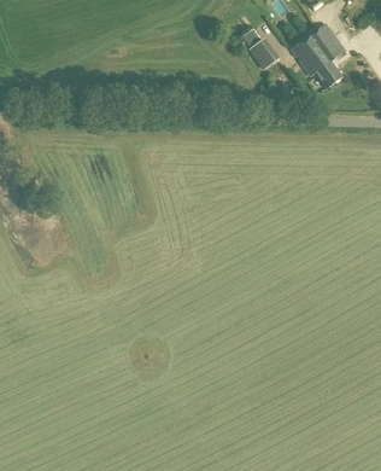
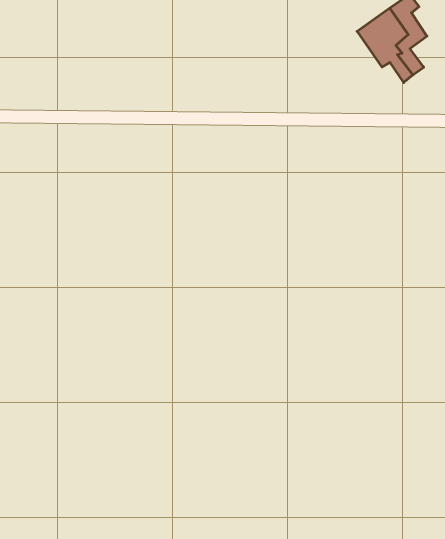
building: [242,28,279,69] -> none

